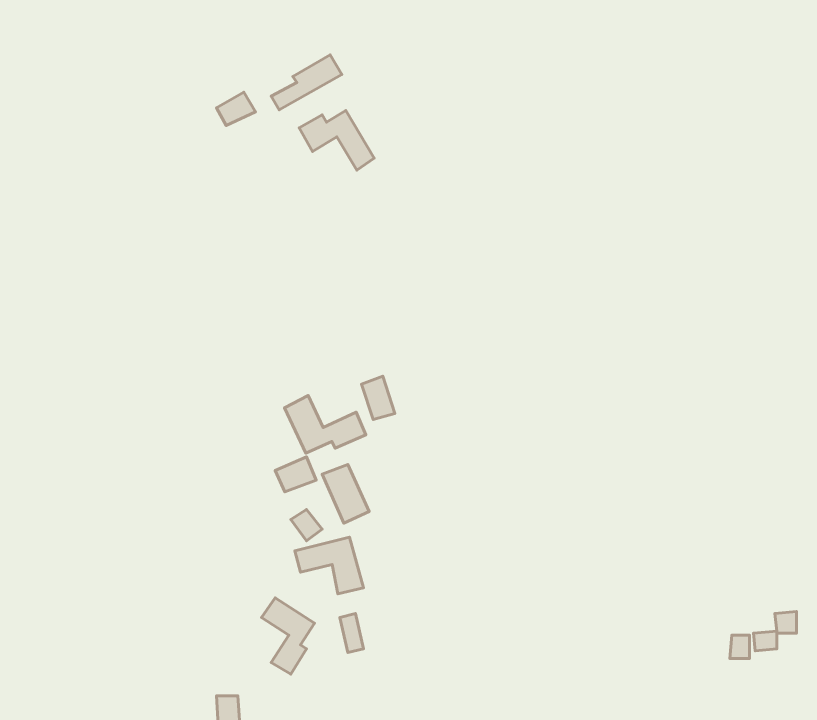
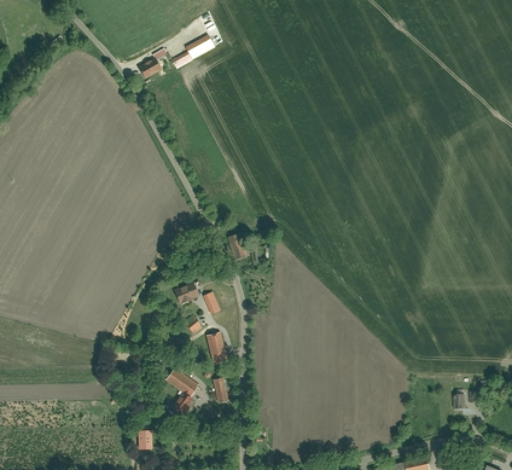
building: [299,111,374,170] -> none
building: [284,396,366,453] -> none

